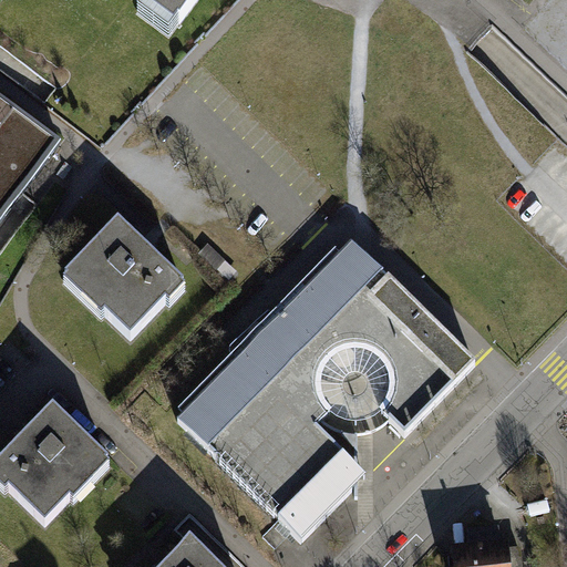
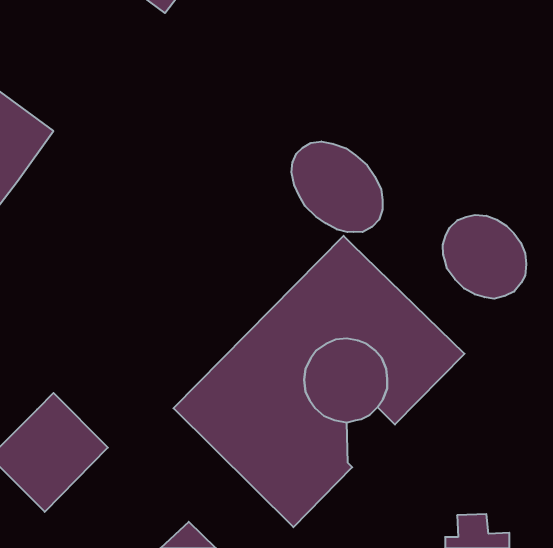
building: none -> [291,141,383,232]
building: [61,216,184,338] -> none
building: none -> [443,215,526,299]

